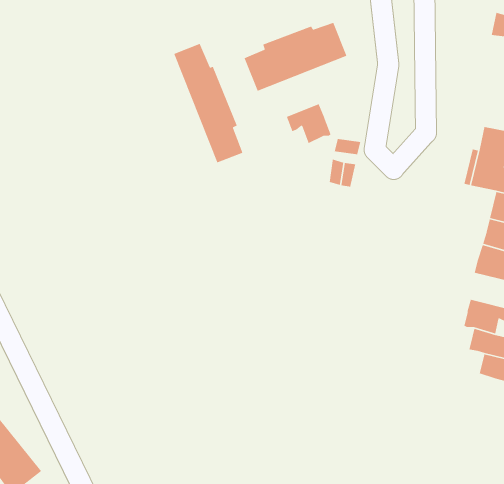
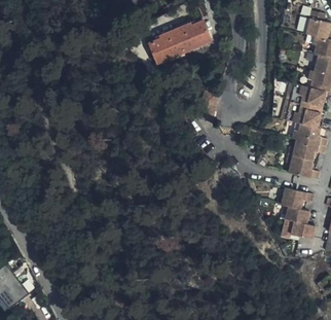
building: [173,43,244,164] -> none
building: [286,103,332,144] -> none

